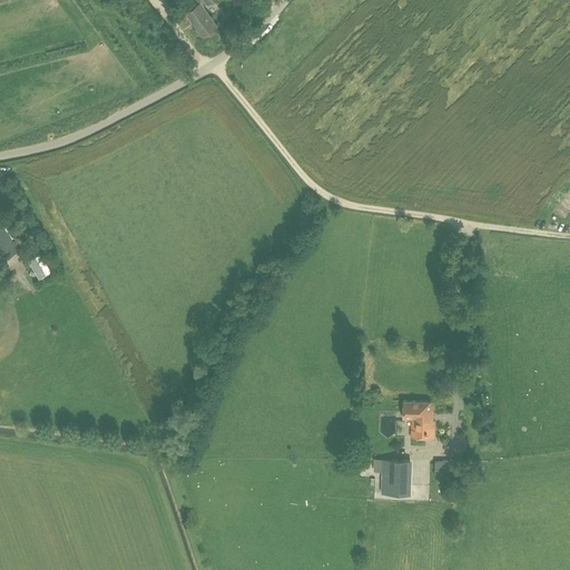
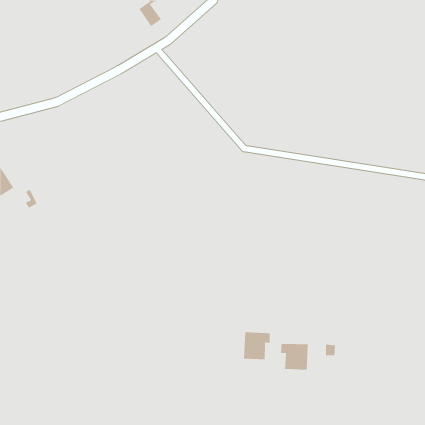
building: [402,402,434,439] -> none
building: none -> [244,332,270,360]

